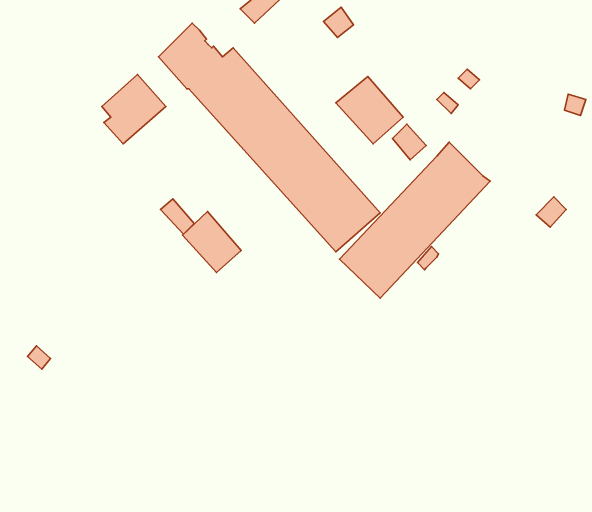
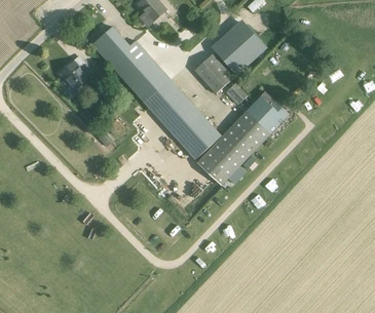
building: none -> [214,24,265,74]
building: [183,211,241,273] -> none

